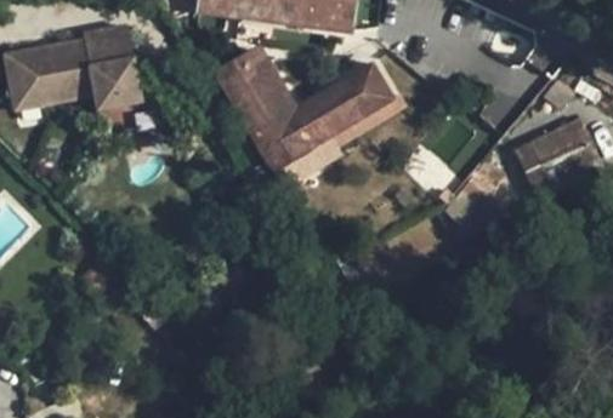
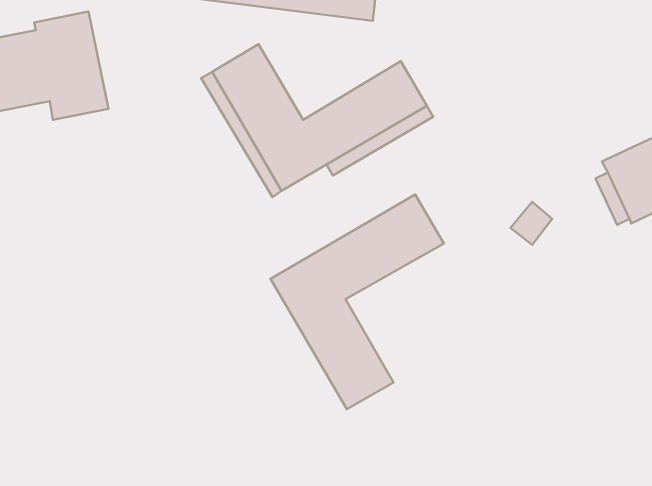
building: none -> [271,195,444,409]

